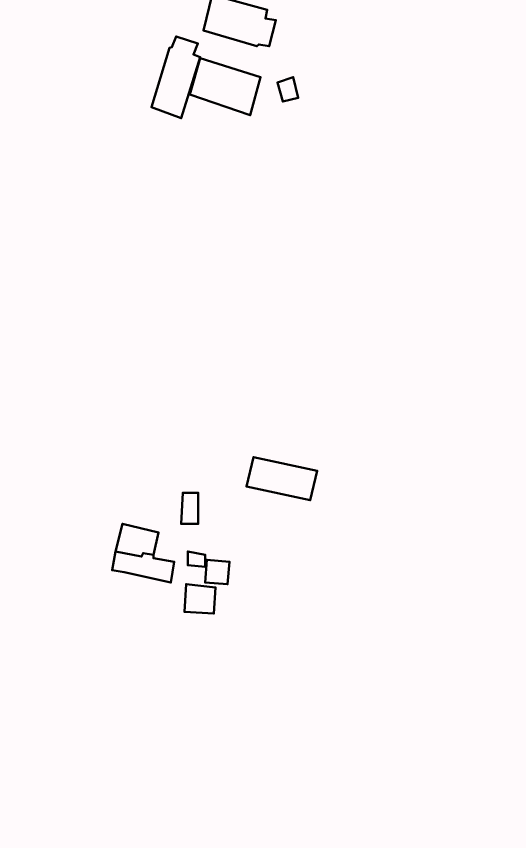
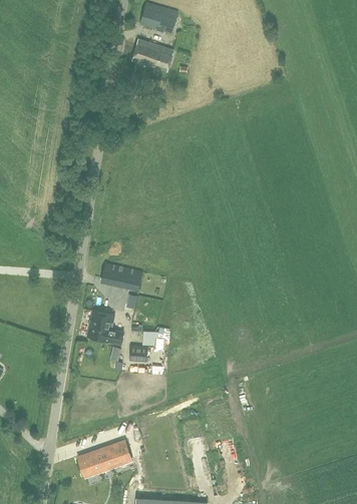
building: [151,36,200,118] -> none
building: [246,457,317,500] -> [100,264,141,289]
building: none -> [77,440,131,476]

